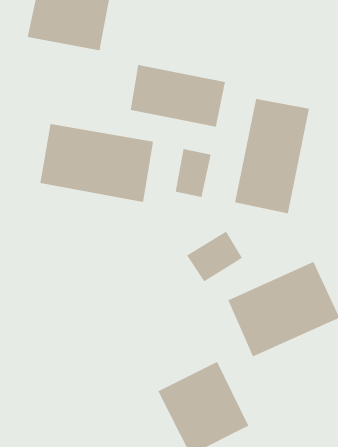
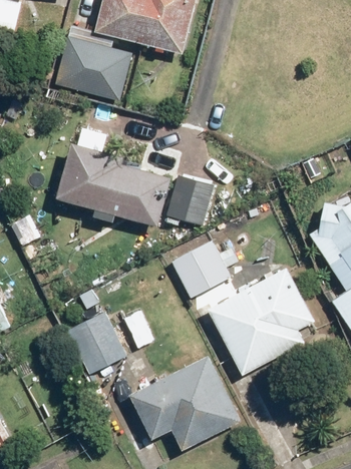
building: [130,64,225,128] -> none
building: [234,98,309,214] -> none
building: none -> [69,318,122,372]

